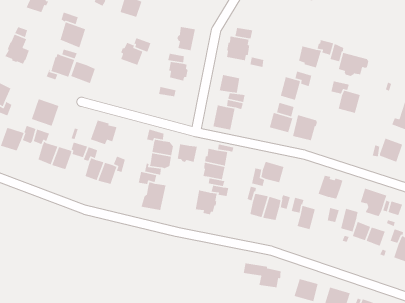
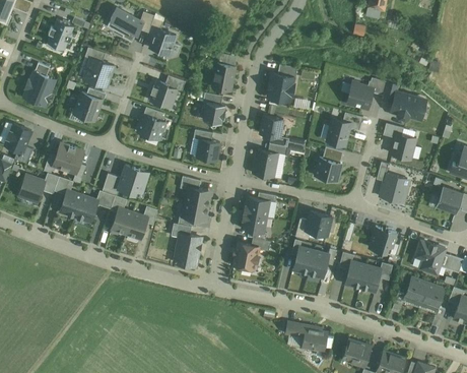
building: [70,61,96,84] -> [137,114,165,139]
building: [292,114,318,141] -> [380,173,408,202]
building: [177,143,198,163] -> [197,139,220,161]
building: [340,208,359,233] -> [360,264,381,292]

